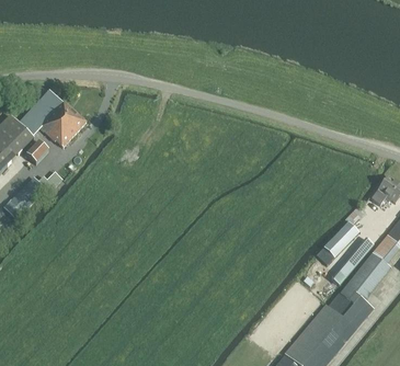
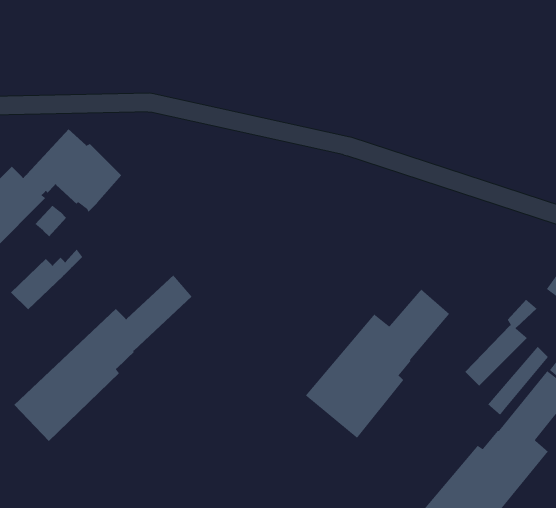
building: none -> [13,275,192,442]
building: none -> [305,288,450,439]

